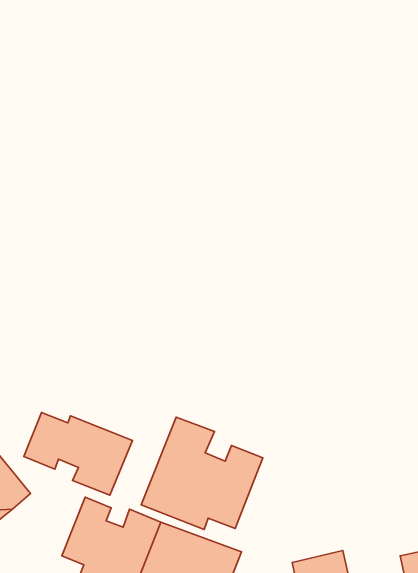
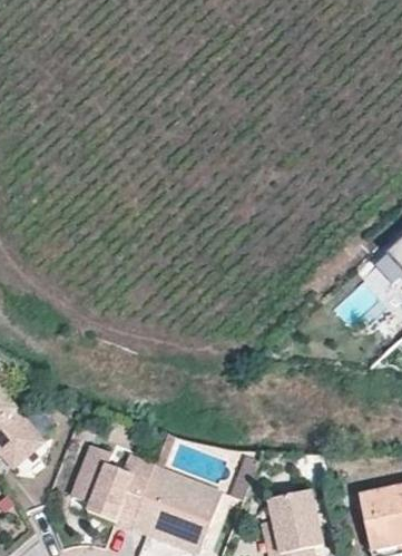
building: [24,412,132,495] -> none
building: [141,417,263,529] -> none

